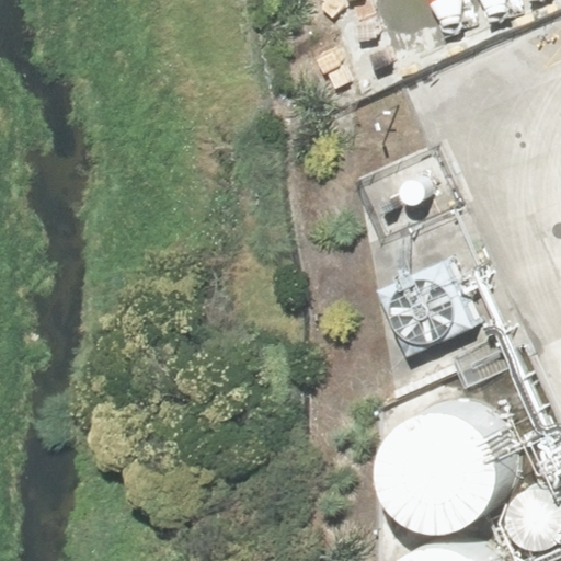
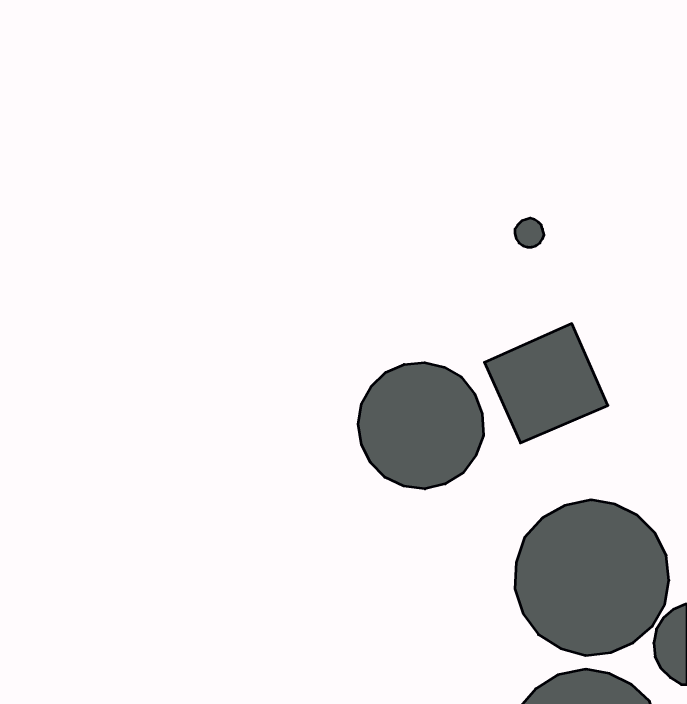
building: none -> [358,363,483,489]

